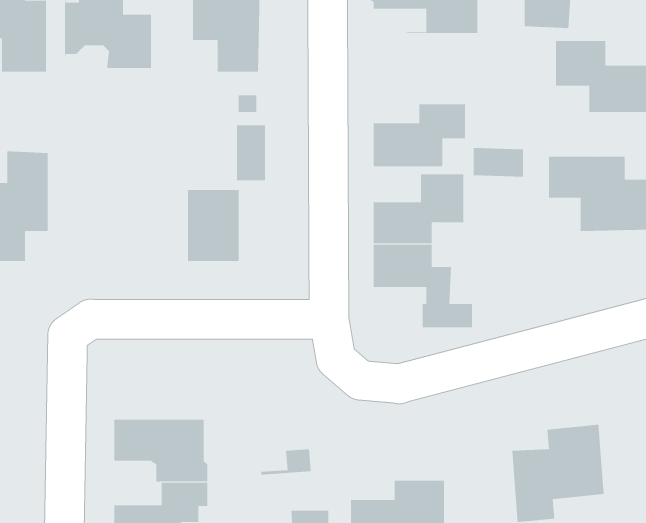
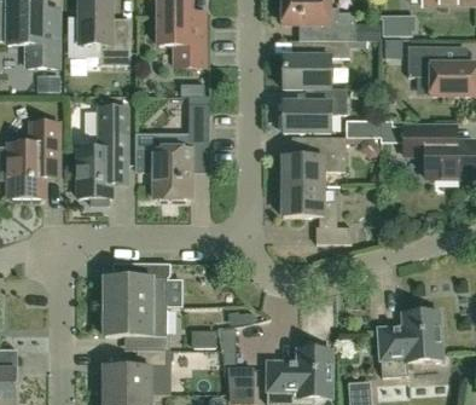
building: none -> [281,39,348,87]
building: none -> [77,106,127,203]
building: none -> [103,261,169,305]

